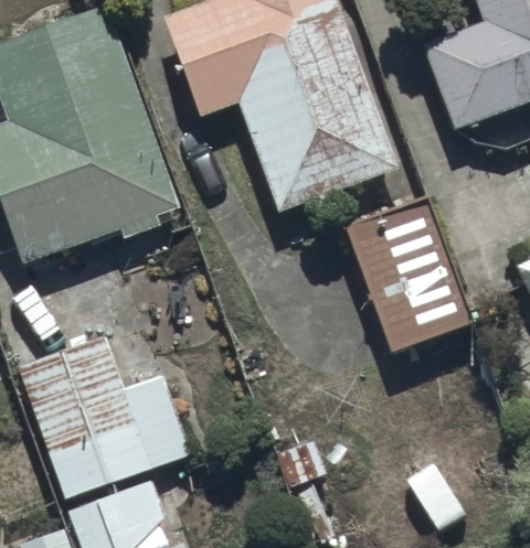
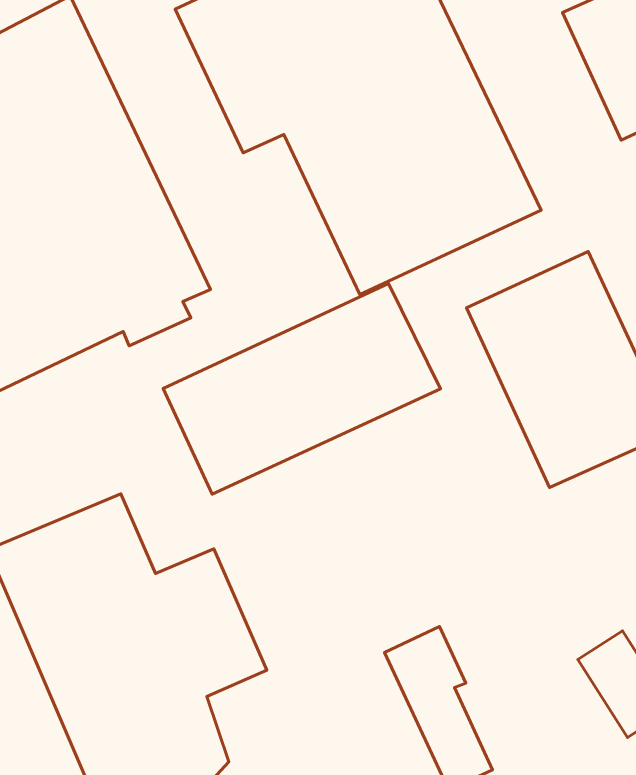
building: none -> [163,283,440,494]

